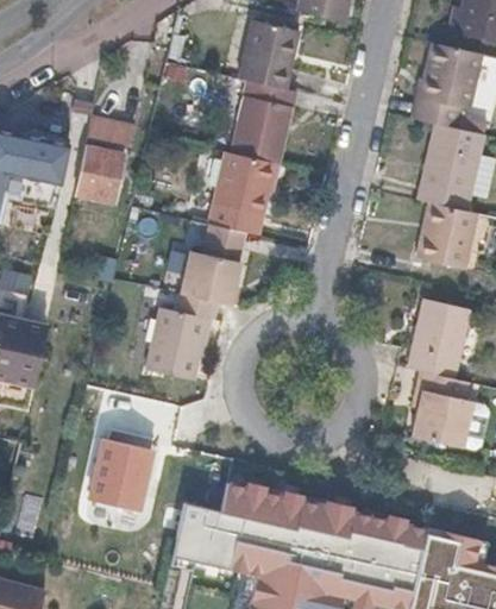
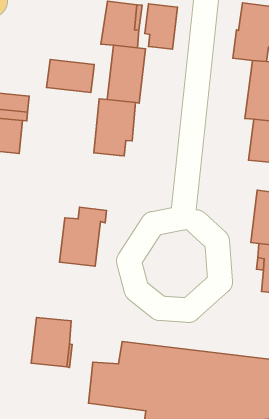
building: none -> [145,4,177,49]
building: none -> [47,59,94,93]
building: [180,218,245,303] -> none

